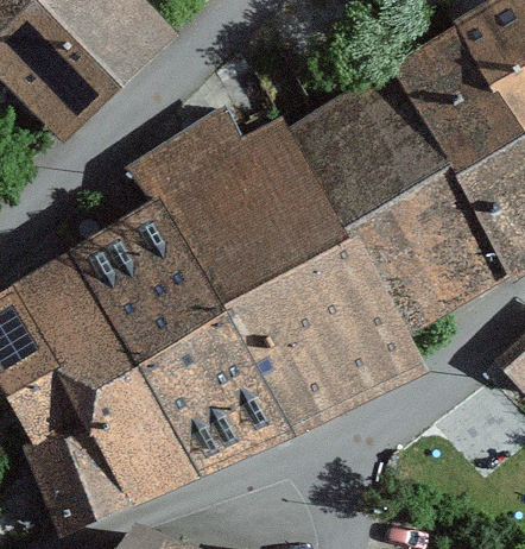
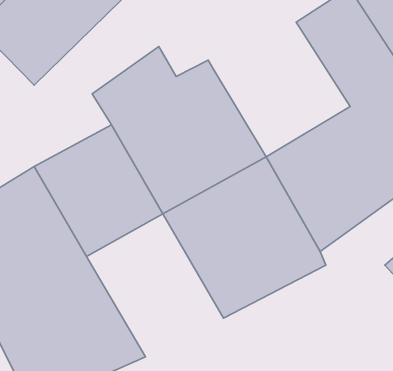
building: [286,68,454,233] -> none
building: [129,303,298,479] -> none

